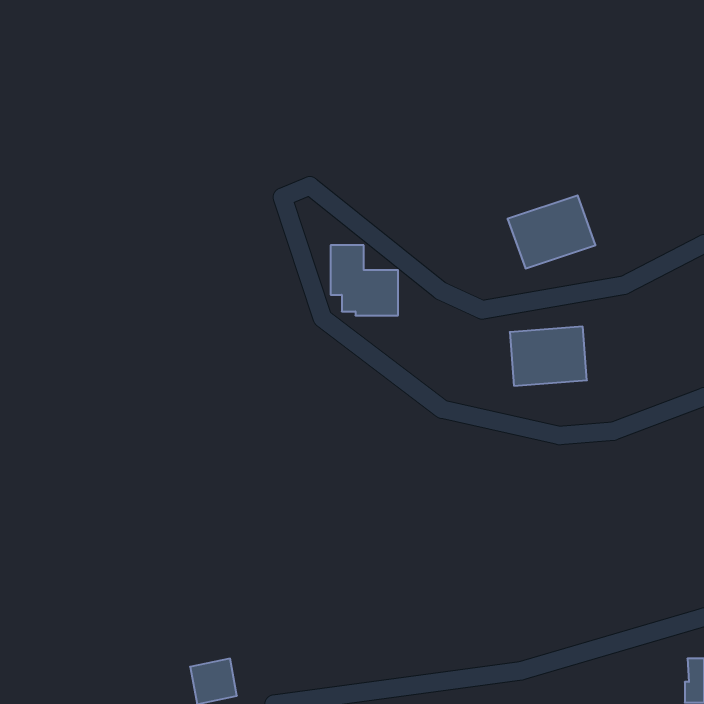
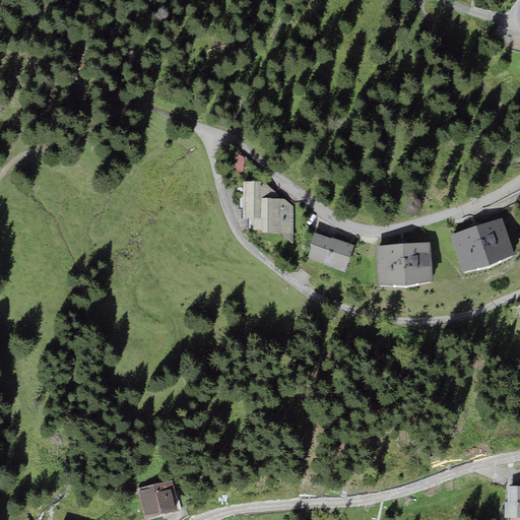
building: [507,195,596,268] -> [450,217,515,271]
building: none -> [308,232,354,272]

